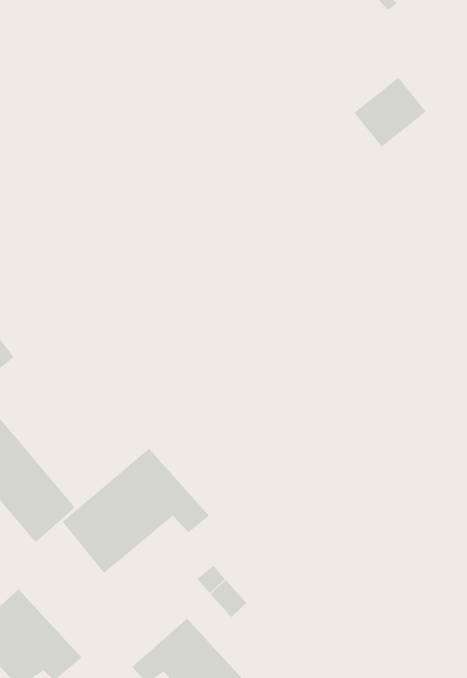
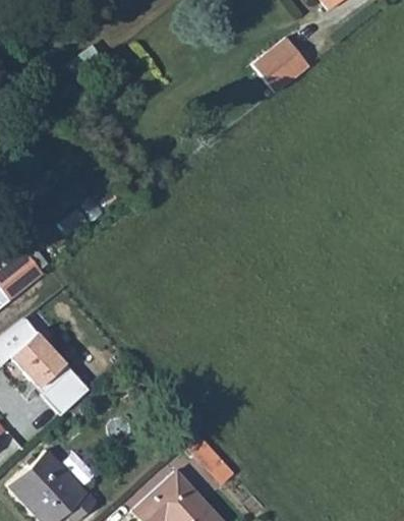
building: [353,77,427,147] -> [252,38,308,92]
building: [62,448,210,574] -> none

